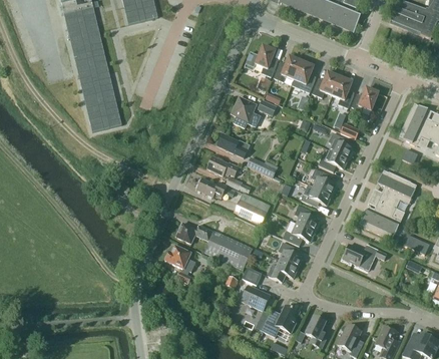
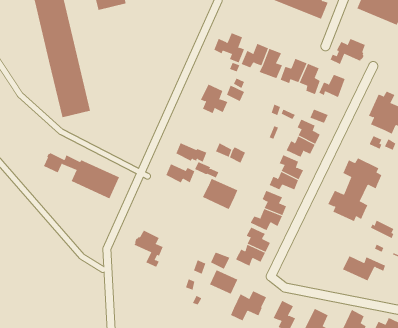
building: none -> [330,38,366,65]
building: [216,133,250,157] -> none
building: [175,223,253,270] -> [43,152,120,199]
building: [342,244,386,270] -> [342,256,386,281]

